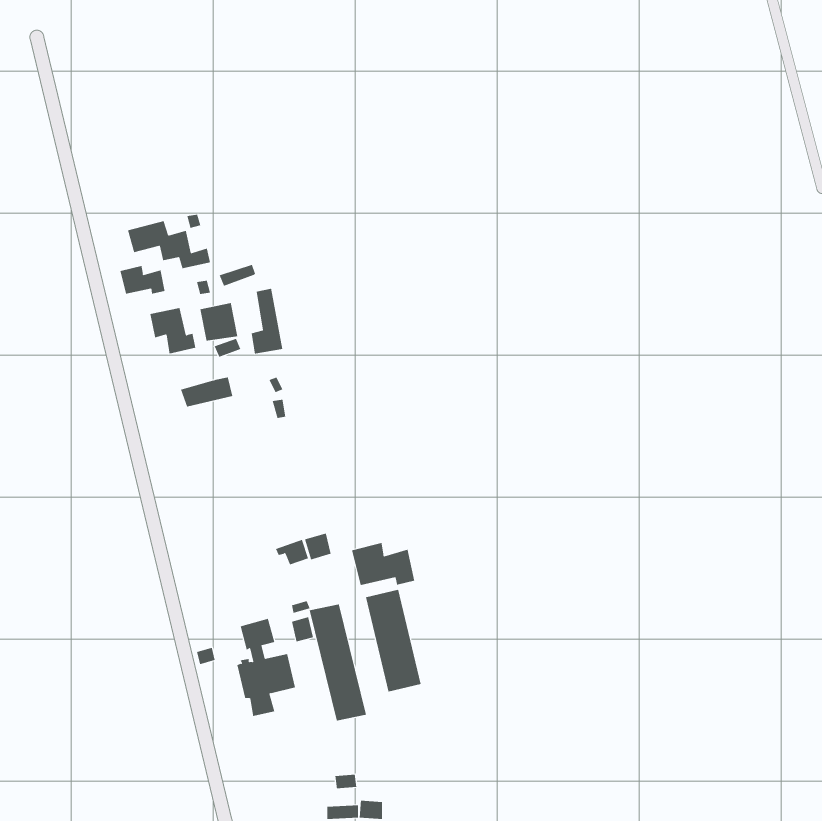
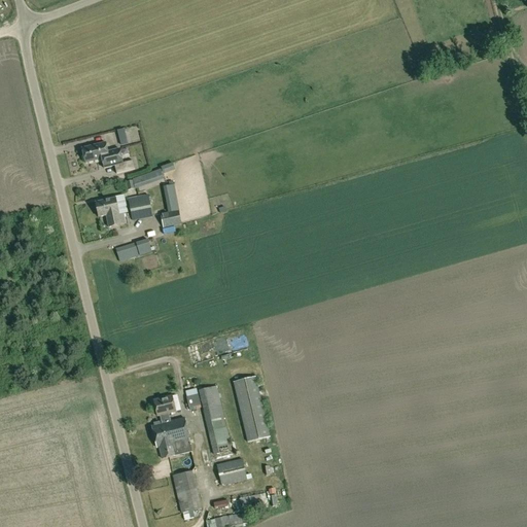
building: [120,265,165,295] -> none
building: [352,542,415,586] -> none
building: none -> [216,458,248,486]
building: none -> [178,467,195,505]

